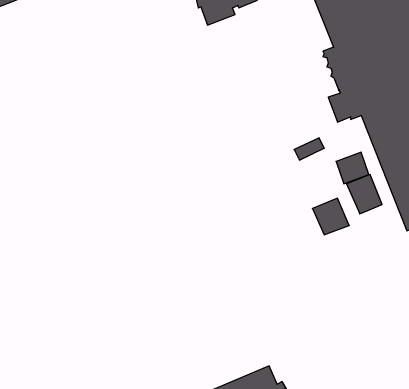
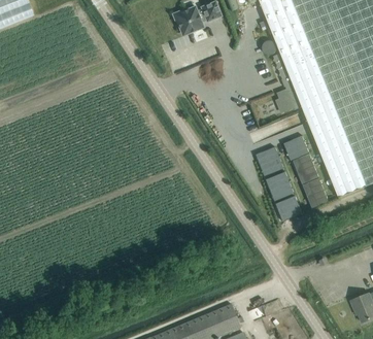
building: none -> [256,146,283,175]
building: none -> [302,177,329,208]
building: none -> [275,195,302,221]

